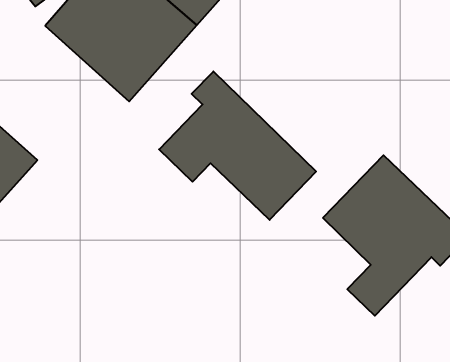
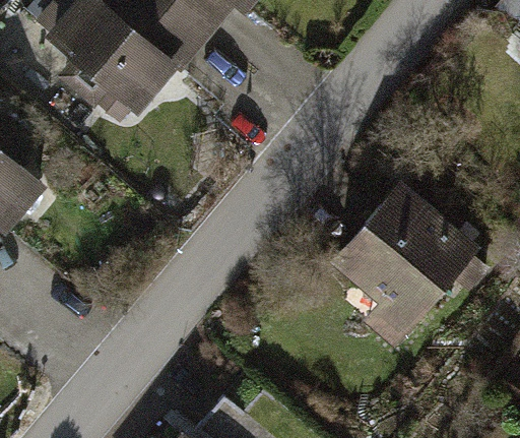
building: [159,71,316,220] -> none

